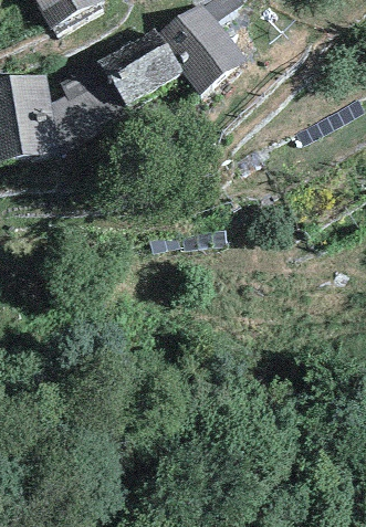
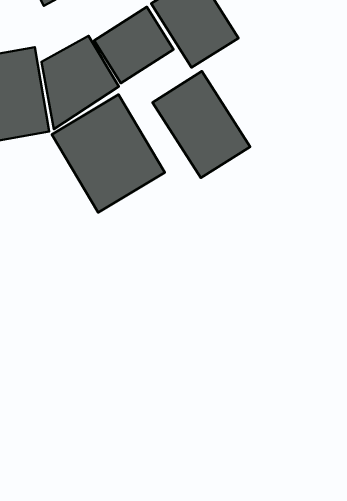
building: none -> [153,71,250,178]
building: none -> [52,94,165,212]

